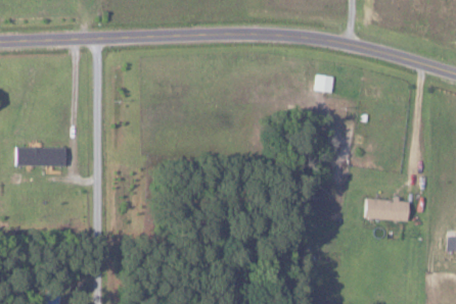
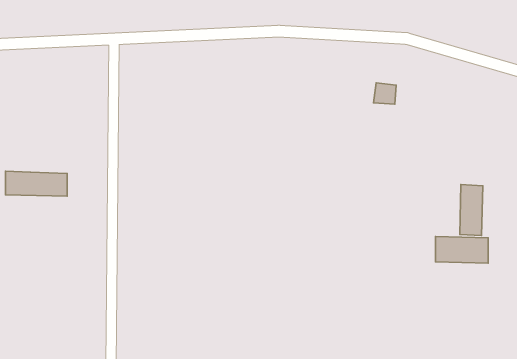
building: none -> [460,185,483,235]

